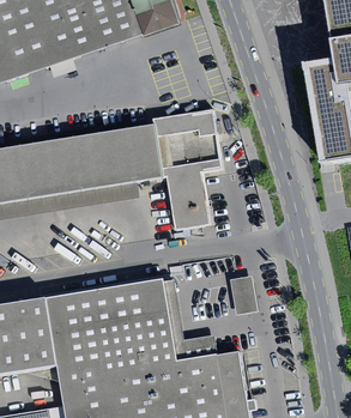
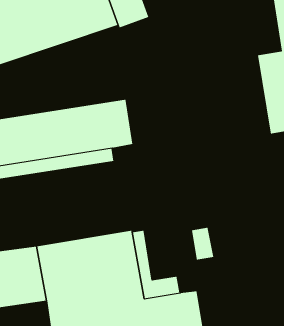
building: [151,108,223,229] -> none

